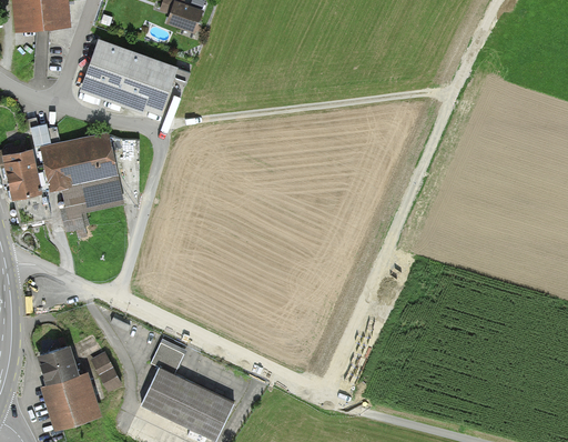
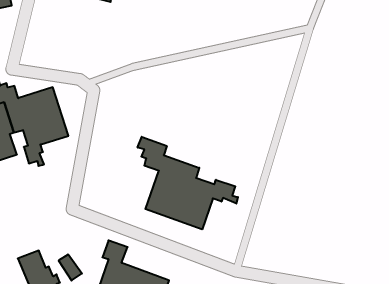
building: [83,40,190,112] -> none
building: none -> [138,137,238,229]

